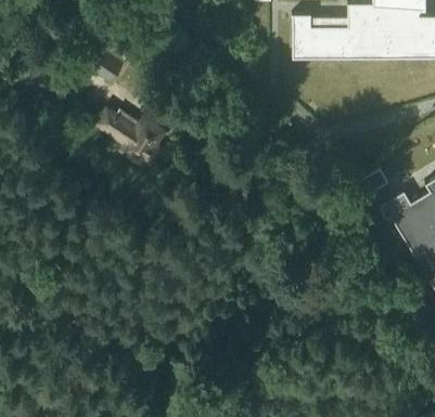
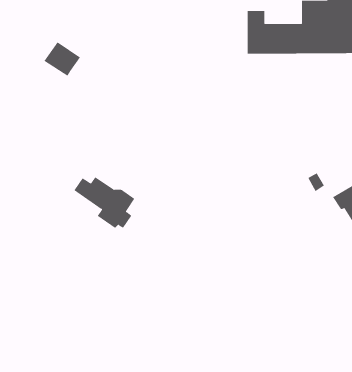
building: [99,110,162,164] -> [73,176,135,229]

